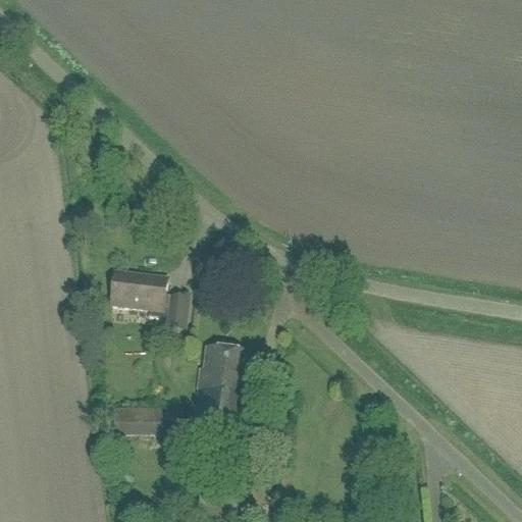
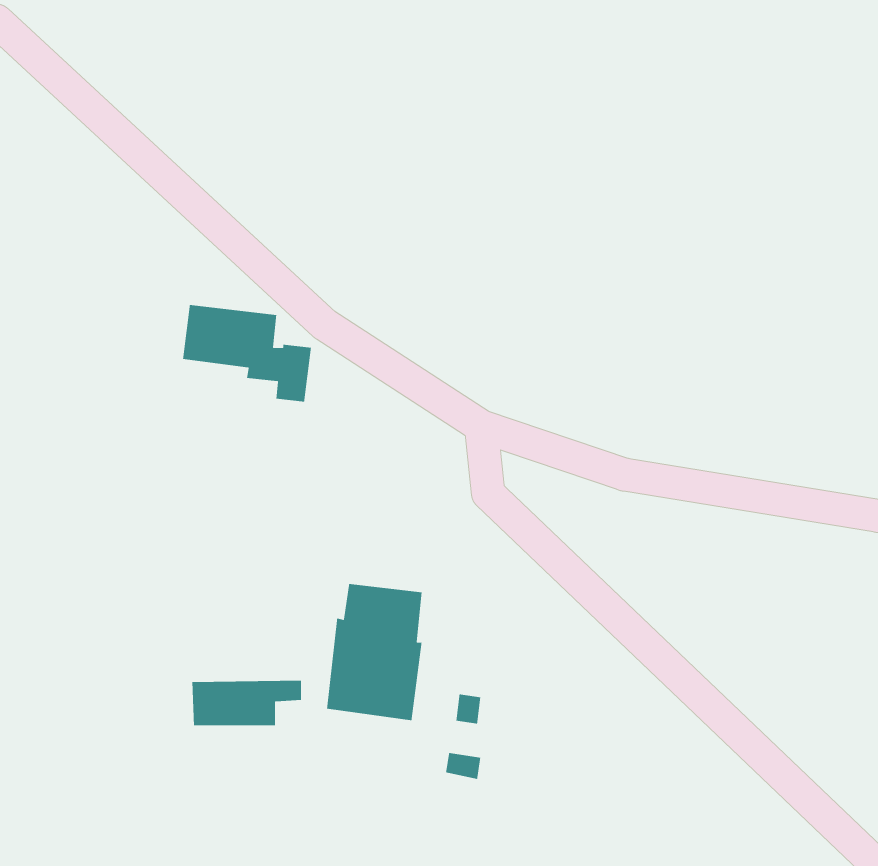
building: [110,269,187,327] -> [182,304,312,403]

